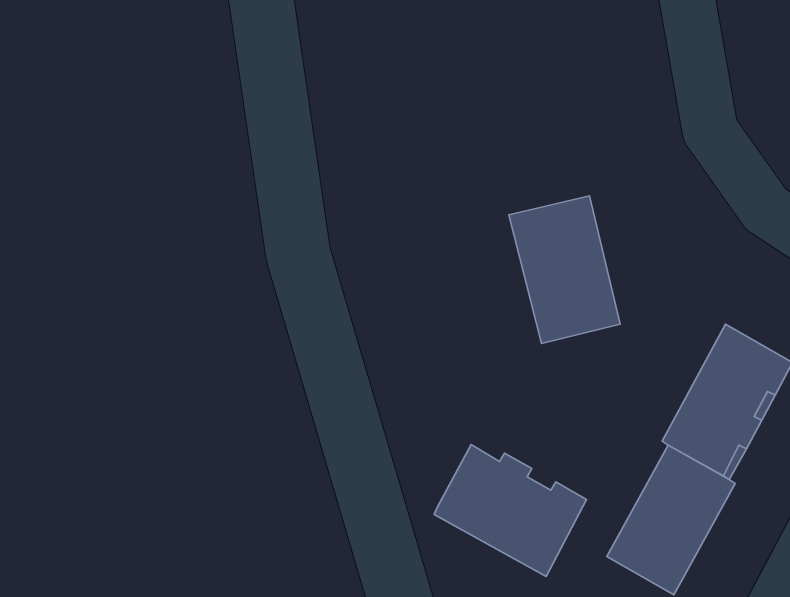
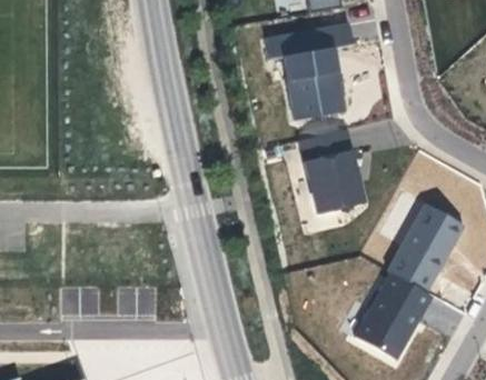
building: none -> [266,23,354,120]
building: [434,445,587,576] -> none

